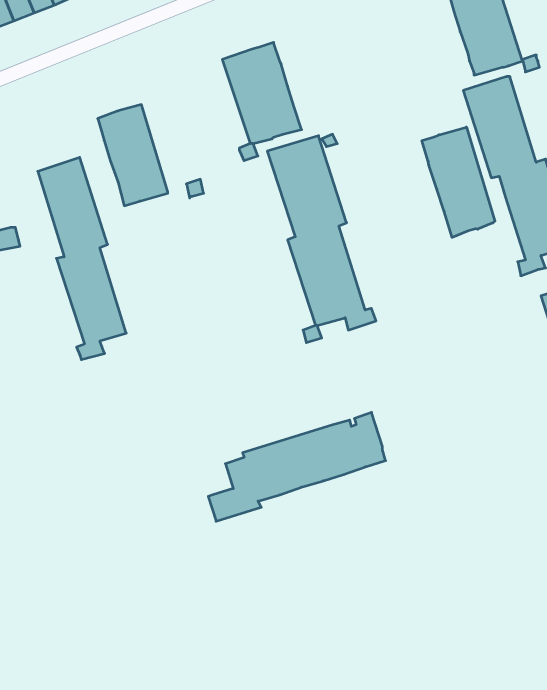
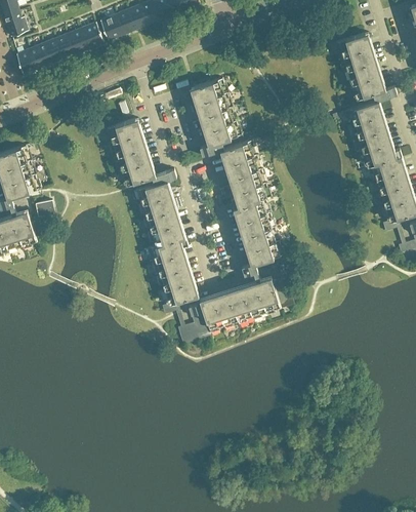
building: [422,127,495,237] -> none
building: [38,157,126,360] -> [136,180,195,313]
building: [208,412,386,521] -> [177,272,294,344]

